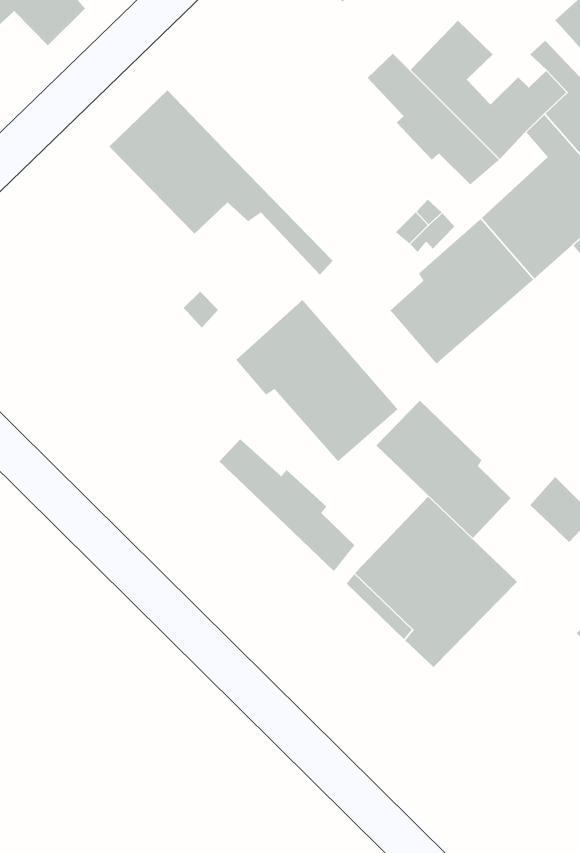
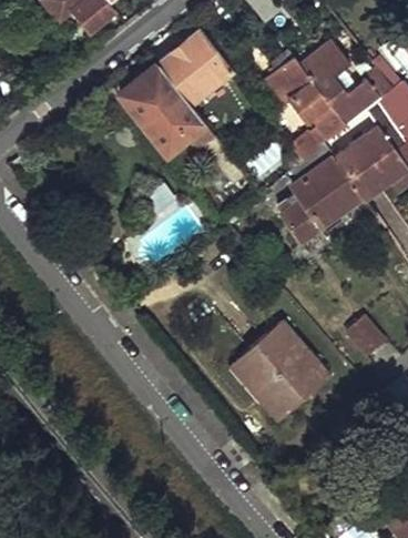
building: none -> [157,31,231,103]
building: [236,299,399,462] -> none
building: [376,400,512,539] -> none
building: [219,438,355,572] -> none

